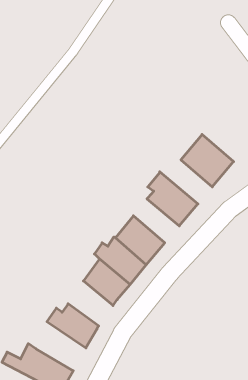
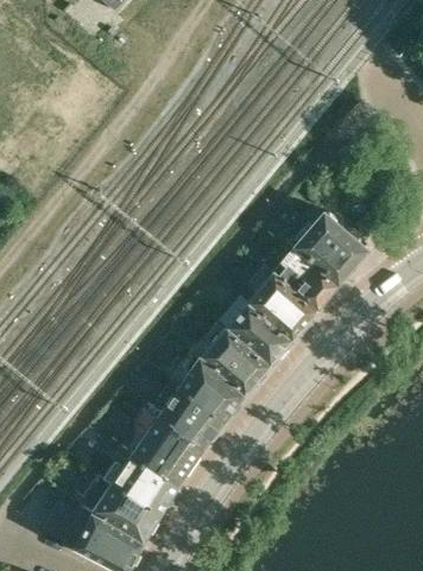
building: none -> [264,247,337,309]
building: none -> [220,296,291,363]
building: none -> [135,417,198,480]
building: none -> [90,474,160,543]

